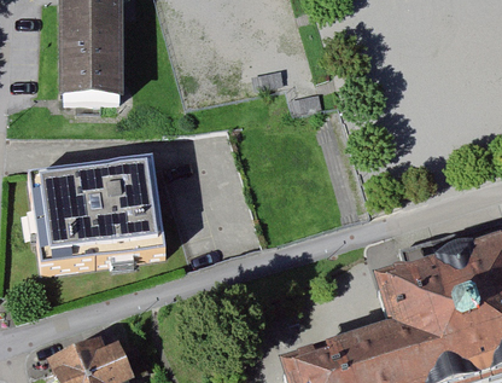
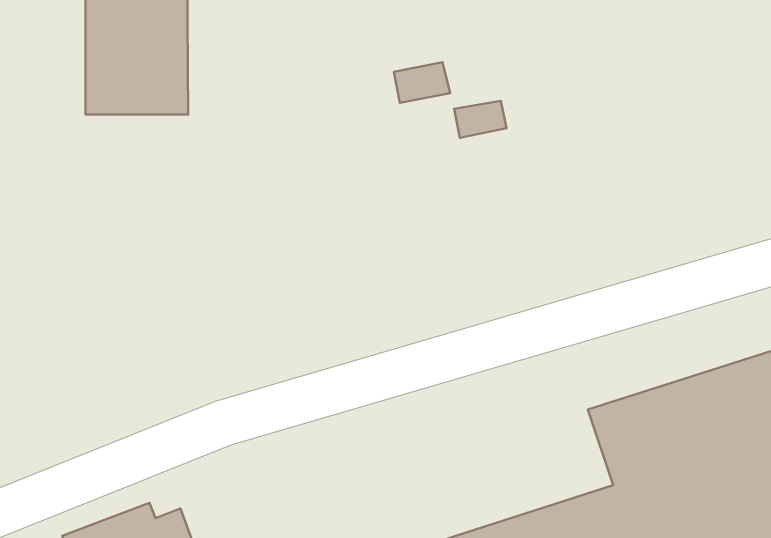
building: [33,156,160,267] -> none

